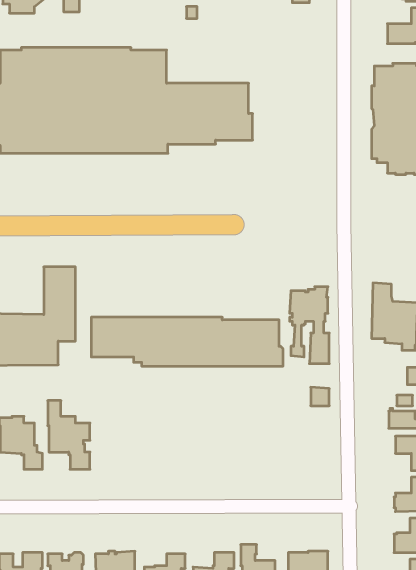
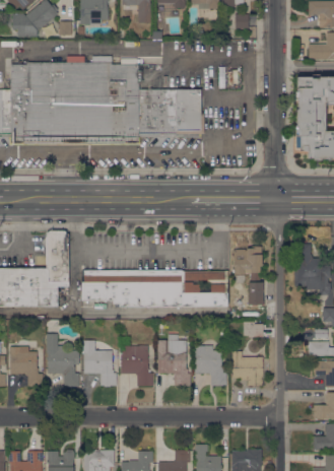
building: none -> [157,335,190,386]
building: none -> [83,341,116,387]
building: none -> [121,346,153,387]
building: none -> [194,346,226,386]
building: none -> [231,351,263,386]

